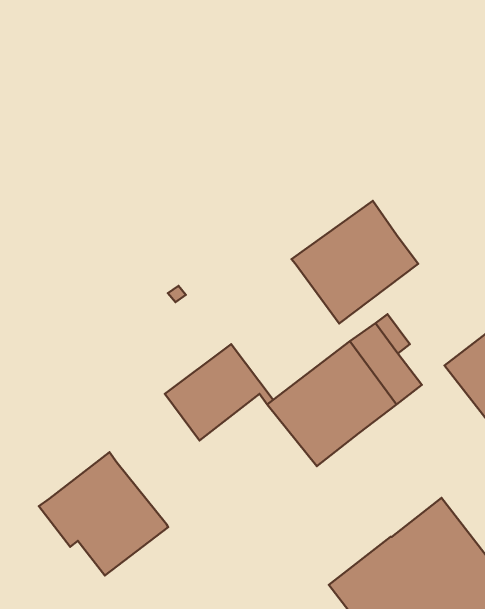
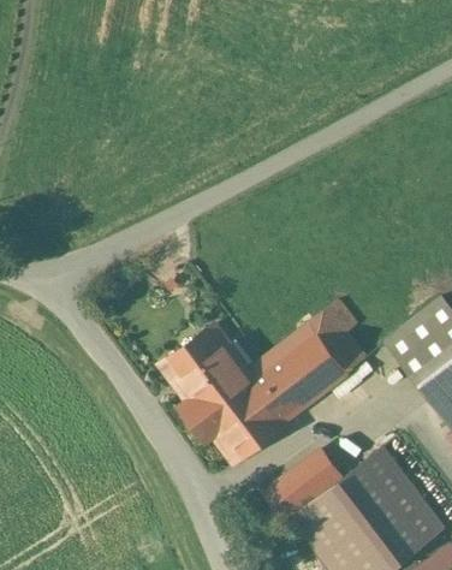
building: [292,201,418,324] -> none
building: [39,452,168,575] -> [180,364,284,463]
building: none -> [264,450,343,521]

